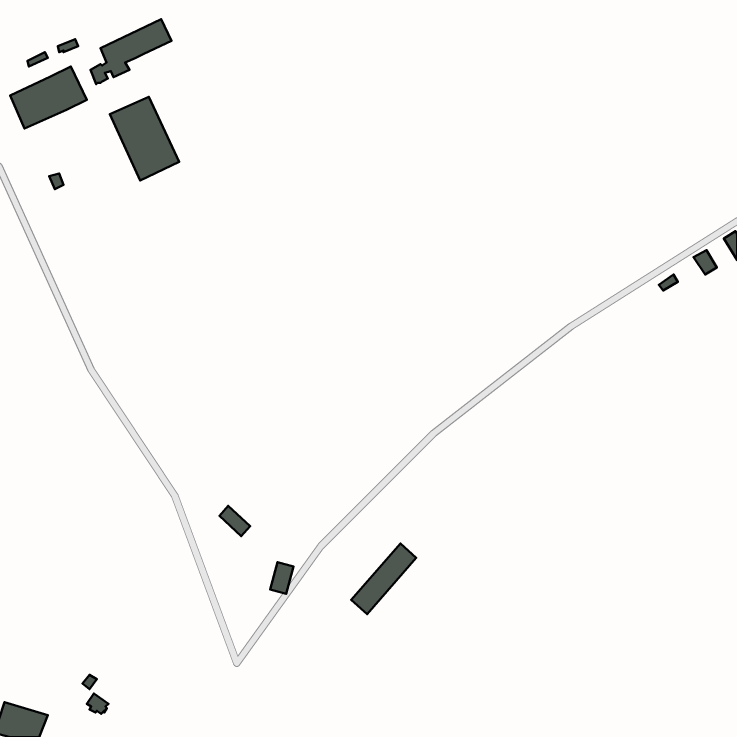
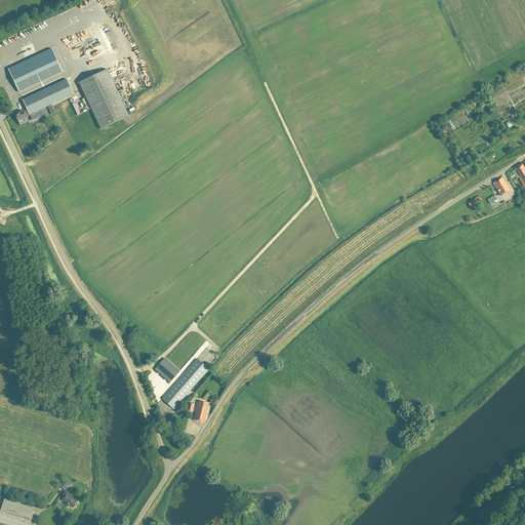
building: [91,19,171,84] -> [14,78,72,124]
building: [351,543,416,614] -> [161,358,207,408]

